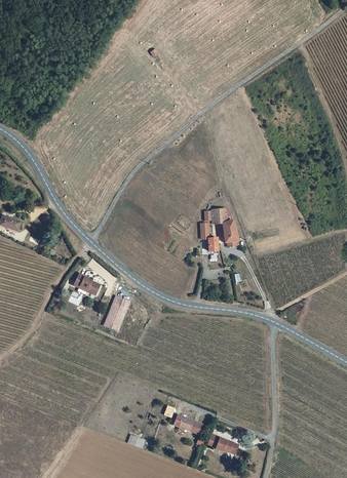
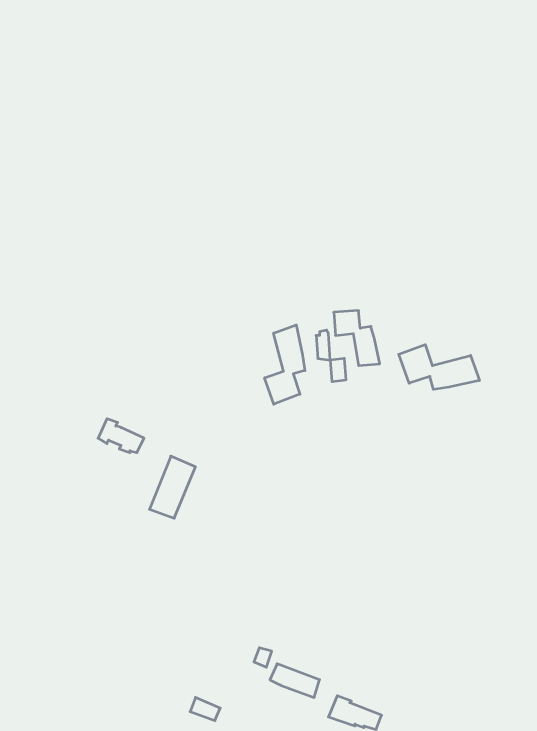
building: none -> [265,325,305,404]
building: none -> [399,345,479,389]

